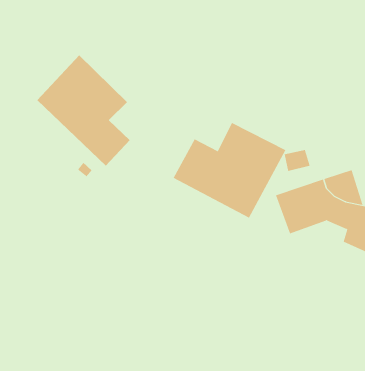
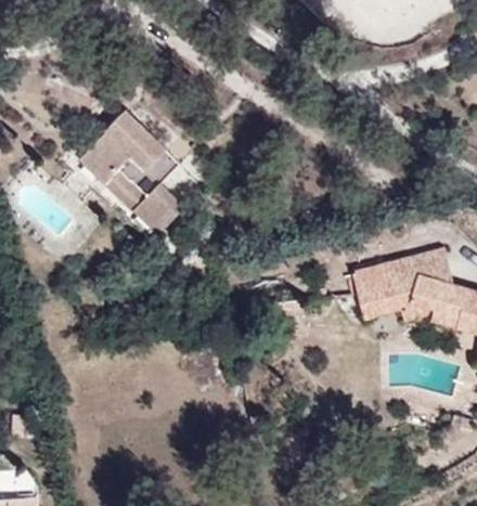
building: [173,122,286,218] -> none

